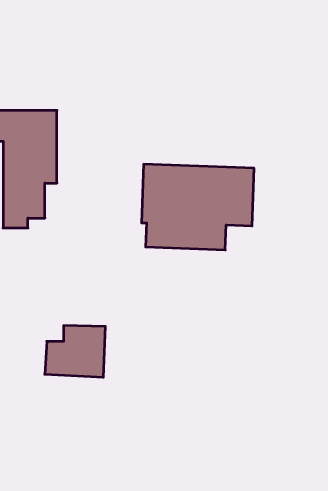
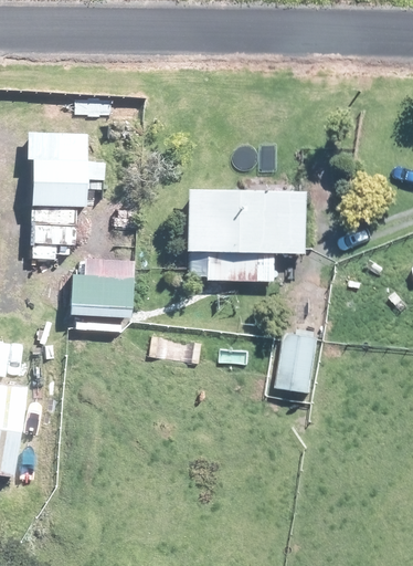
building: none -> [277,329,324,392]
building: [45,326,105,377] -> [67,258,135,315]

